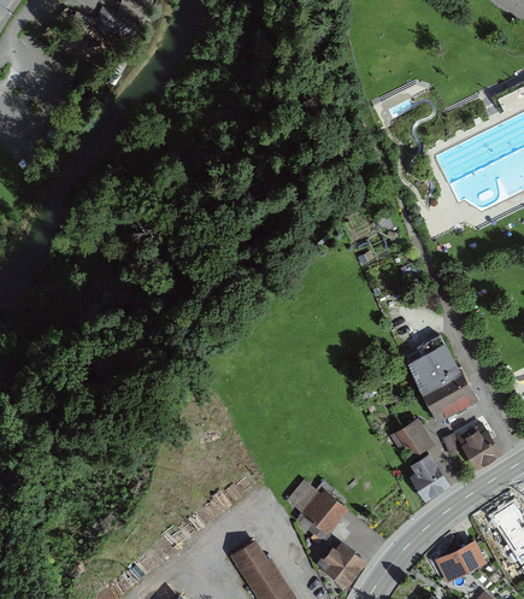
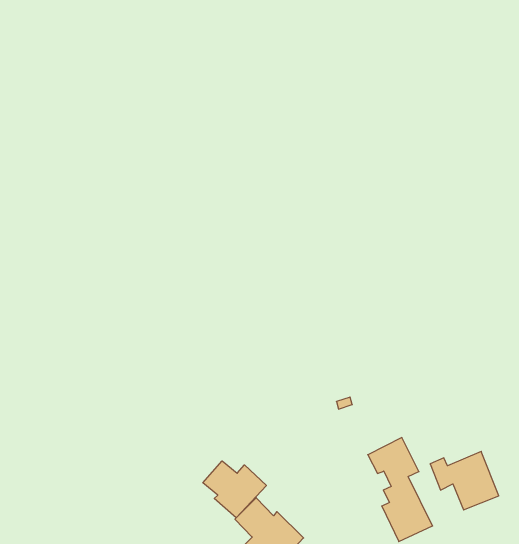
building: [410,343,473,423] -> none
building: none -> [203,461,266,518]

